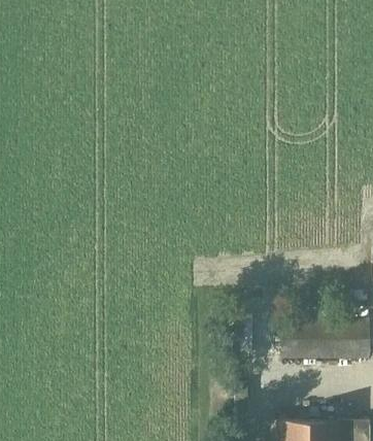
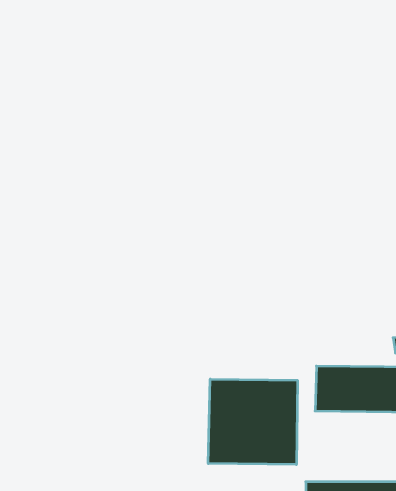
building: none -> [208,379,297,465]

